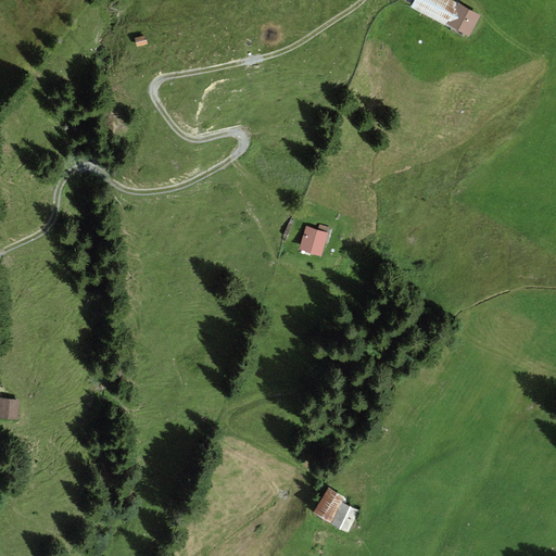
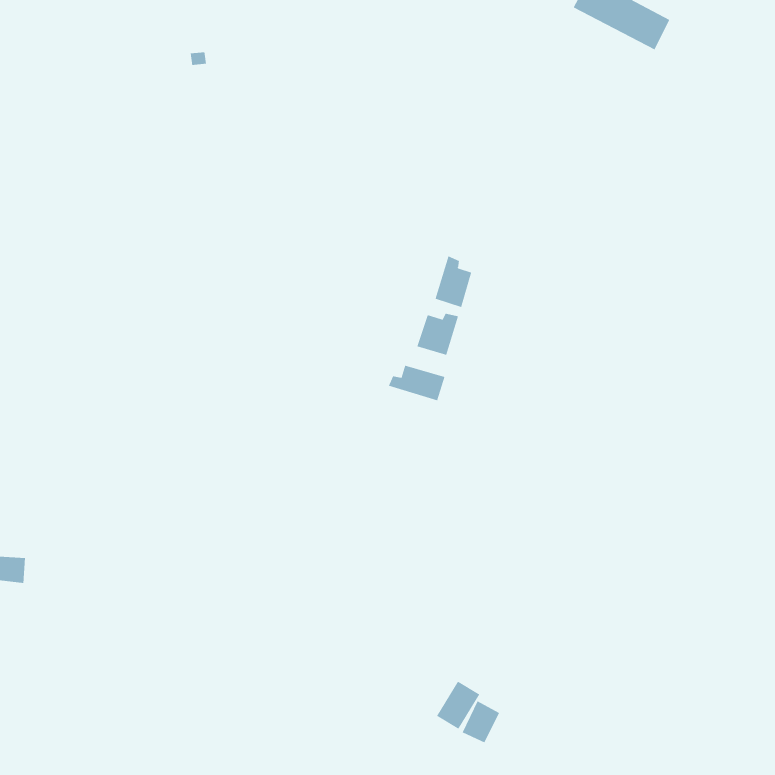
building: none -> [435,256,472,308]
building: none -> [388,365,445,401]

